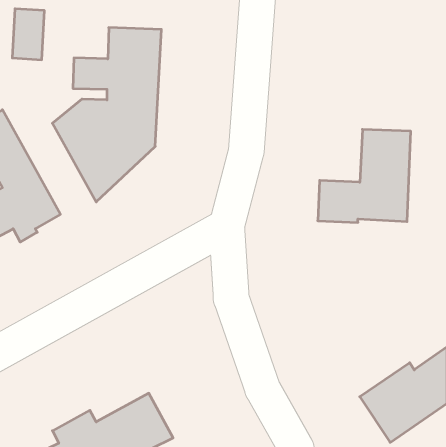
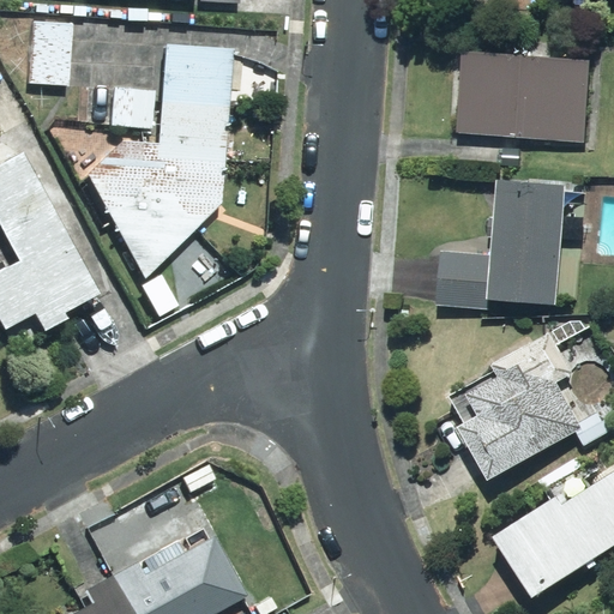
building: none -> [458,49,592,142]
building: none -> [456,331,586,482]

